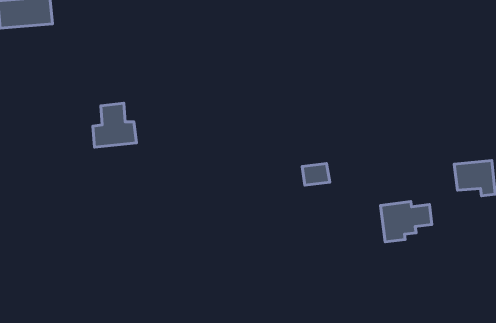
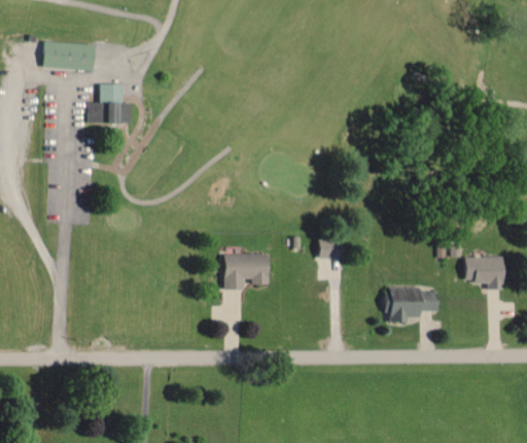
building: [93,103,136,147] -> [90,83,131,124]
building: none -> [223,253,267,289]

